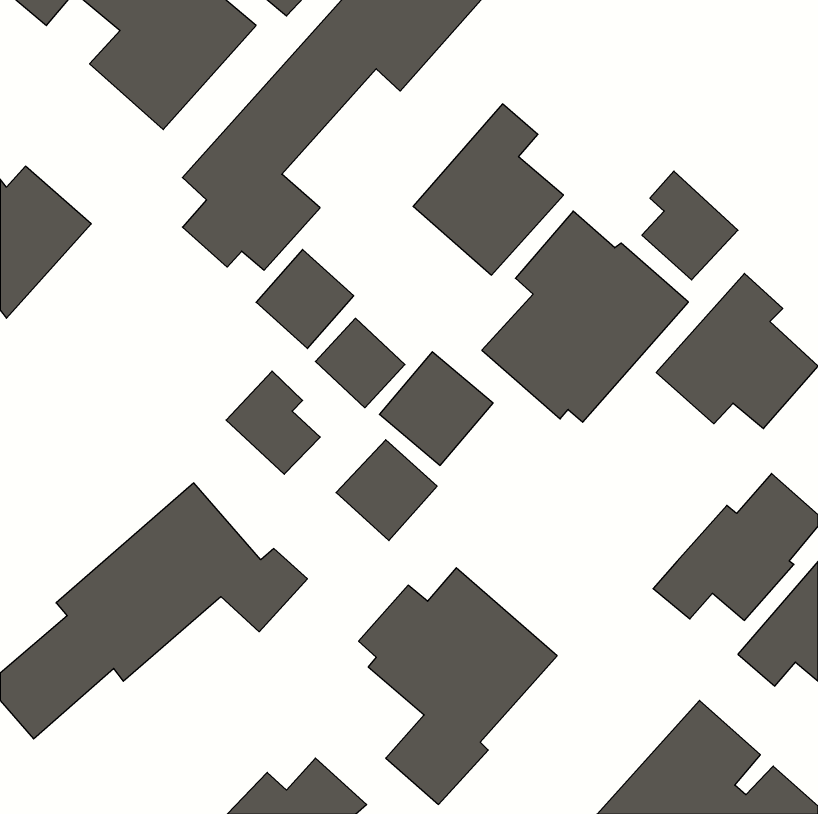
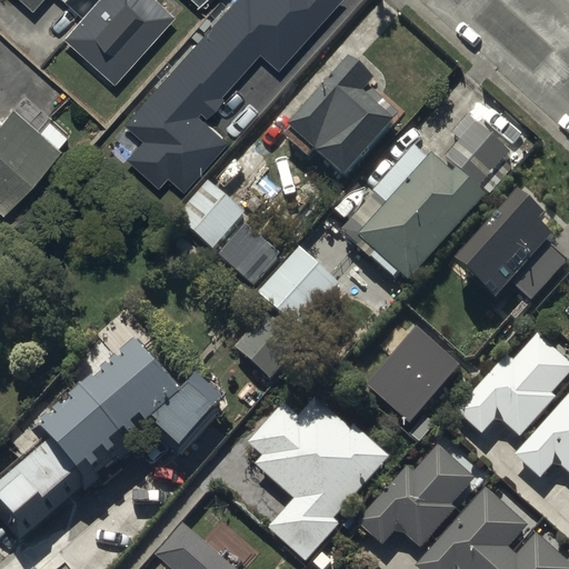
building: [226,371,320,474] -> none
building: none -> [367,325,459,419]
building: none -> [358,445,477,547]

